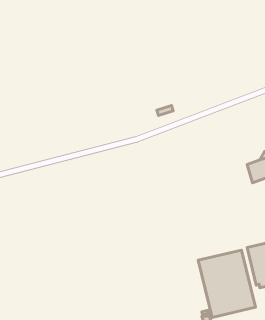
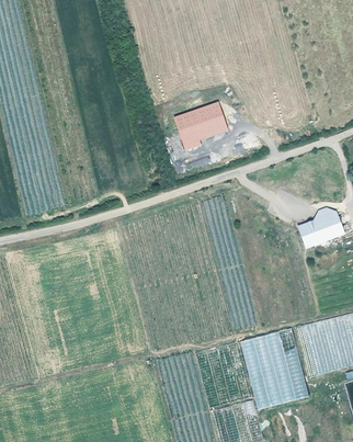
building: none -> [174,101,228,150]

